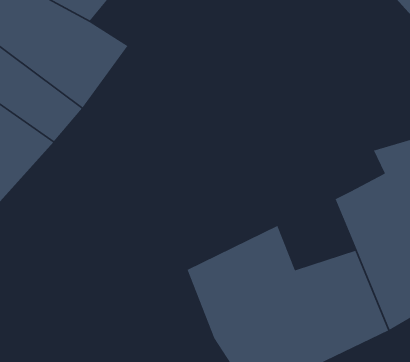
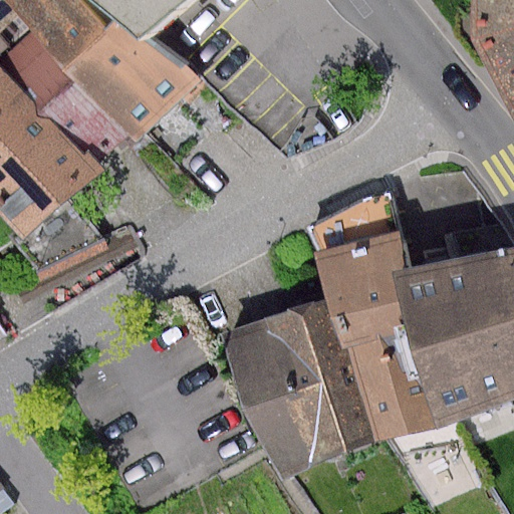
building: none -> [315,188,416,347]

